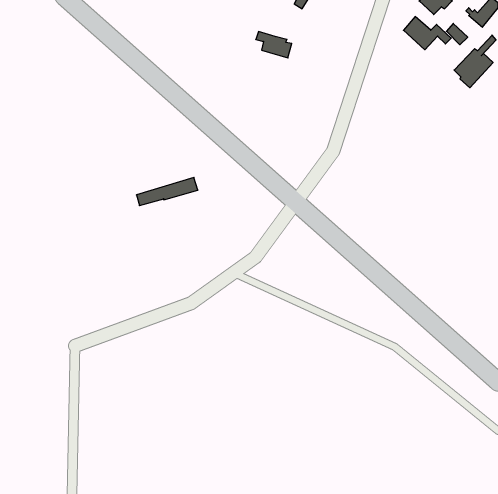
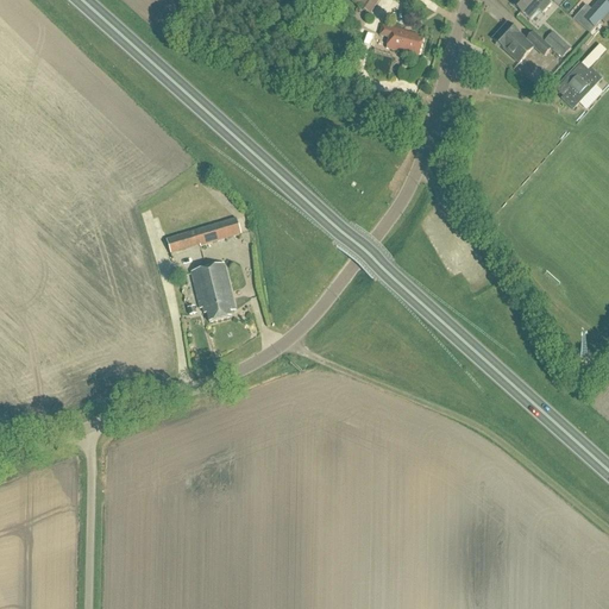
building: [256,32,292,58] -> [379,23,423,55]
building: none -> [190,262,236,321]

